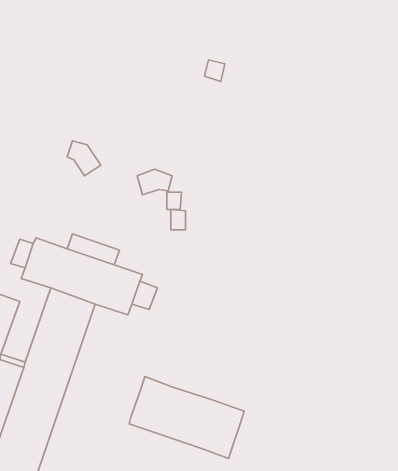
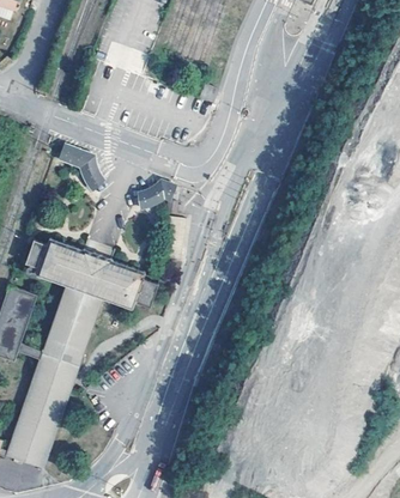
building: [129,377,244,458] -> none

